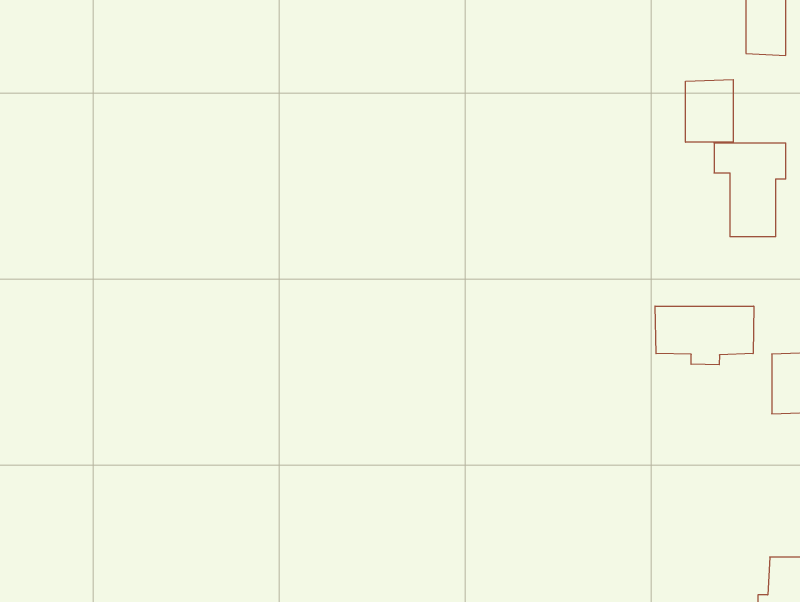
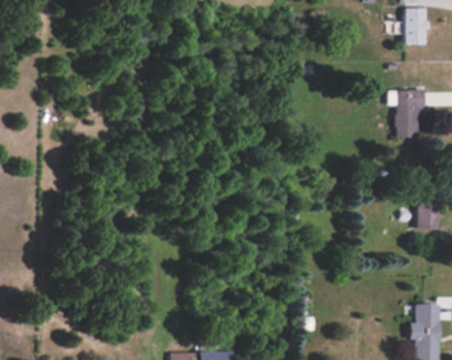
building: [686,80,733,142] -> none
building: [655,306,754,365] -> none

